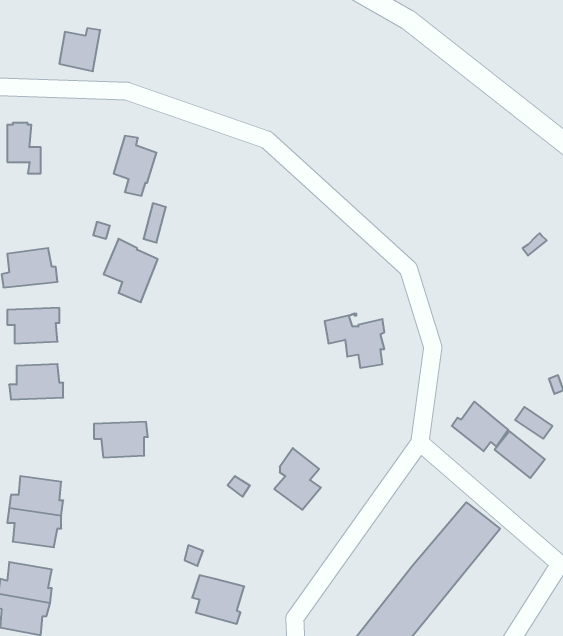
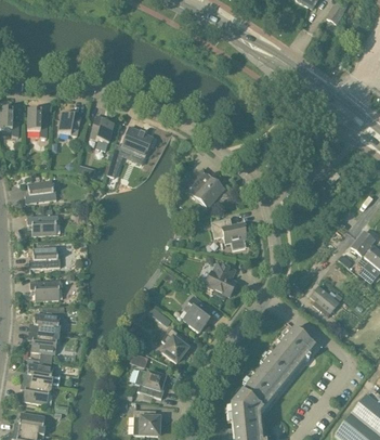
building: [59,28,100,71] -> [58,111,82,135]
building: none -> [186,172,225,207]
building: [104,239,158,302] -> [121,126,153,163]
building: none -> [206,261,236,299]
building: [452,402,508,451] -> none
building: [94,422,148,457] -> [30,280,62,300]
building: none -> [162,327,187,362]

